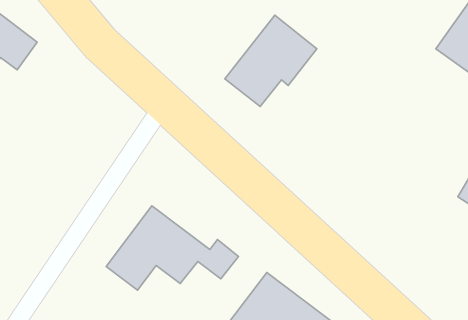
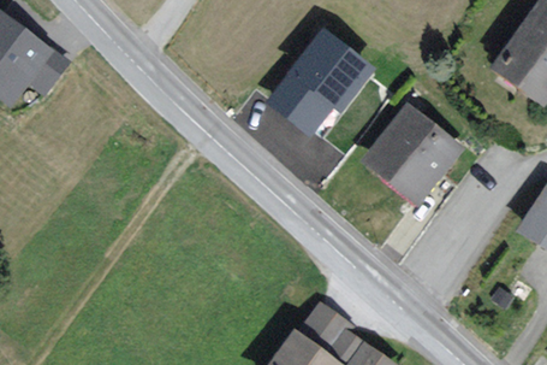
building: none -> [367,110,458,202]
building: [106,206,238,290] -> none

